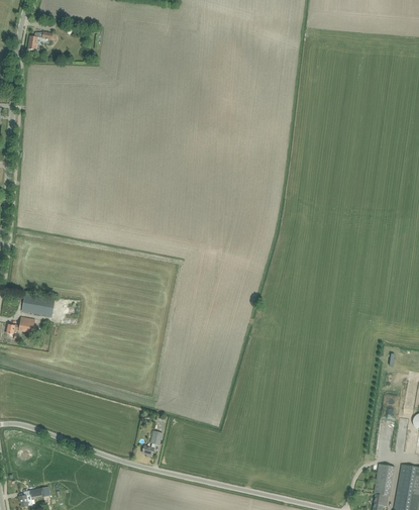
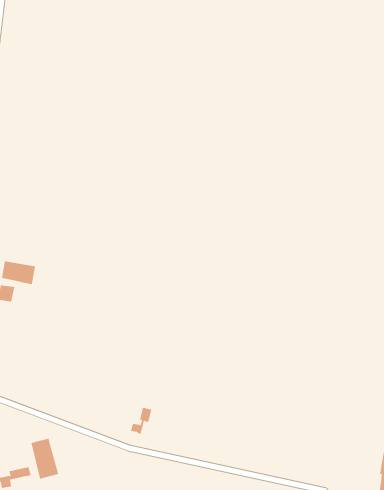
building: none -> [31,438,59,479]

